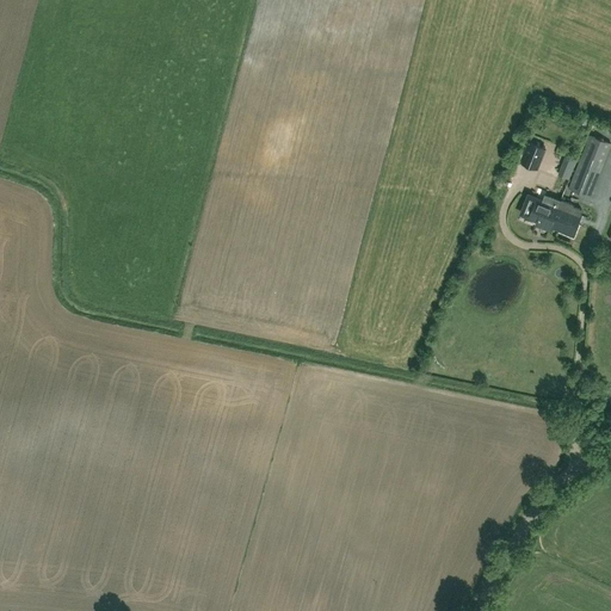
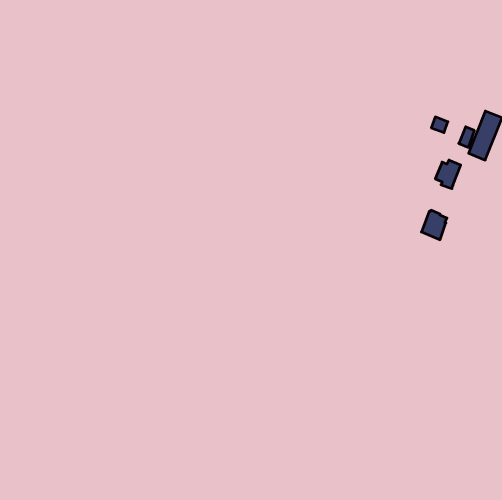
building: [550,202,581,237] -> [421,210,447,240]

